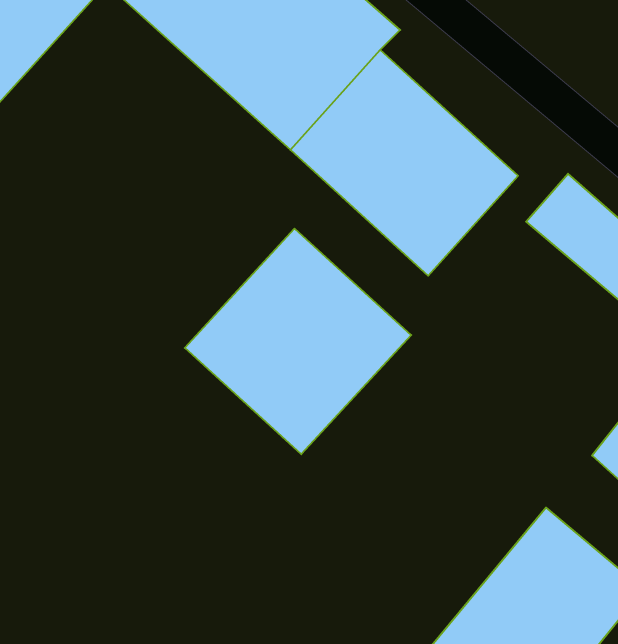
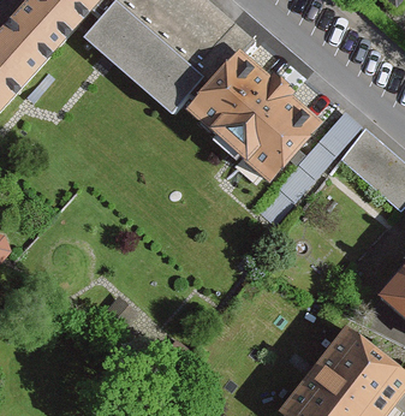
building: [185,229,411,454] -> none

